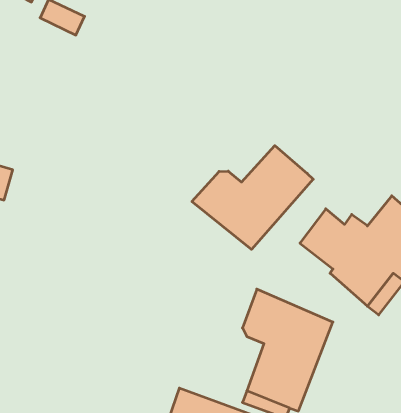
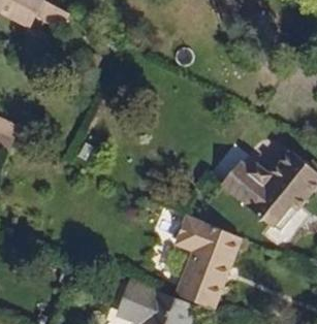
building: [192,146,313,249] -> none

